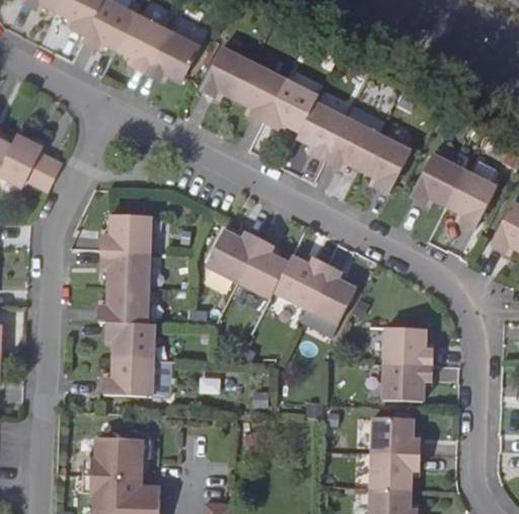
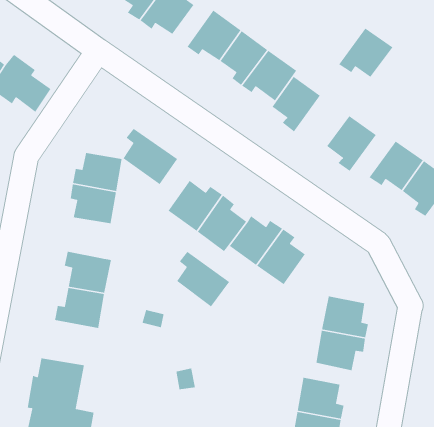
building: [325,121,380,172] -> [338,27,393,78]
building: none -> [122,128,178,185]
building: [99,285,149,322] -> none
building: none -> [176,251,230,307]

